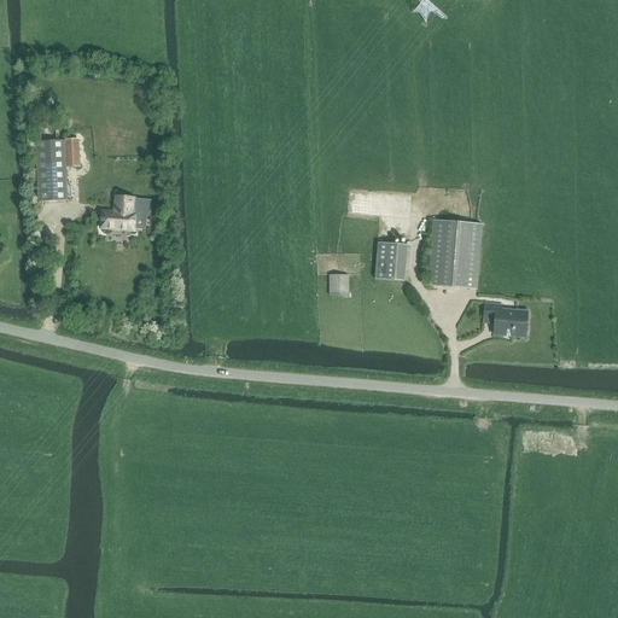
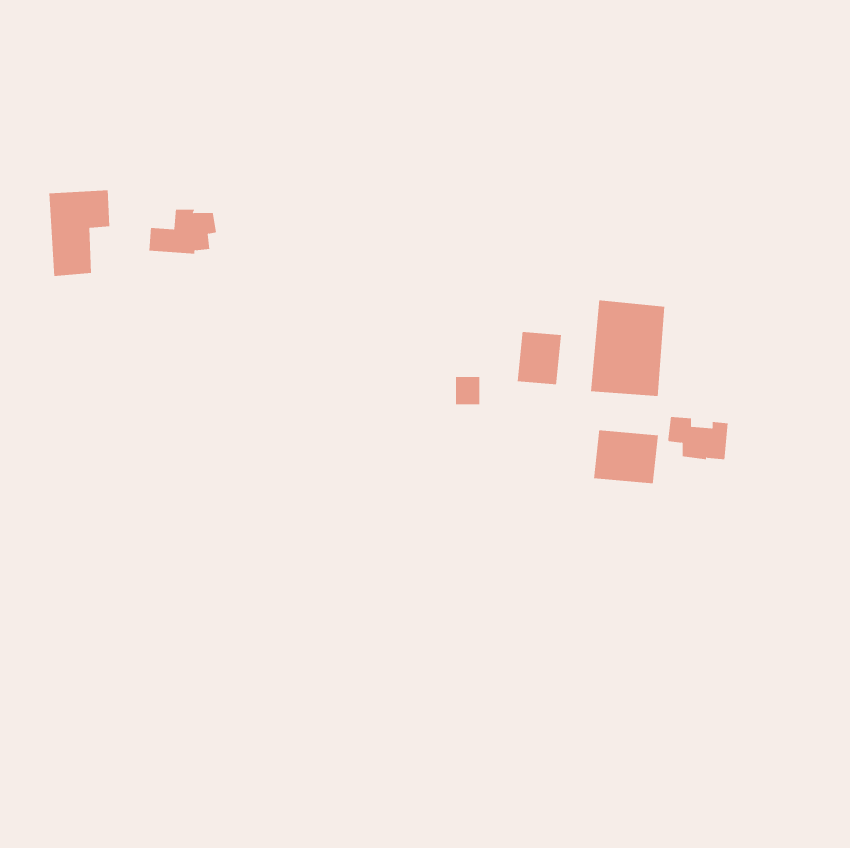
building: [100,196,150,228] -> [149,209,217,254]
building: none -> [593,430,658,484]

